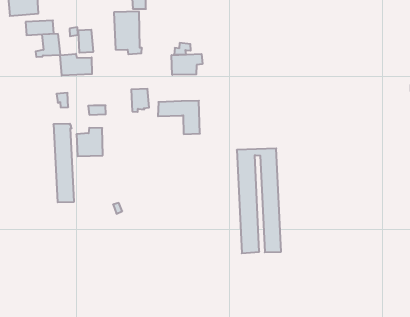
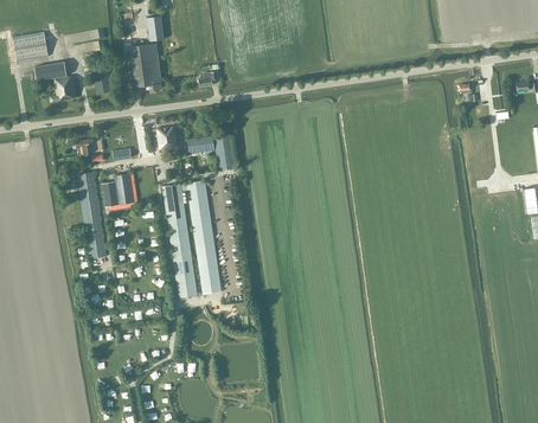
building: [60,54,92,76] -> none
building: [172,54,202,75] -> none
building: [237,148,281,253] -> [164,180,223,297]

